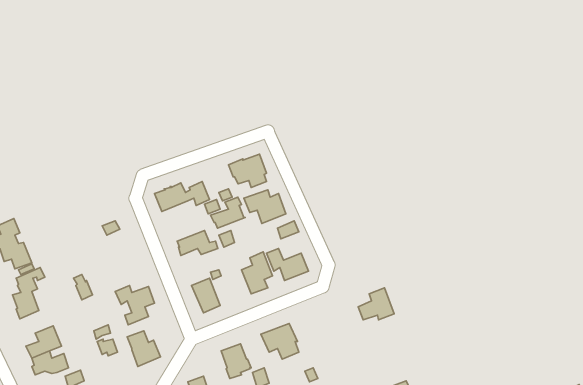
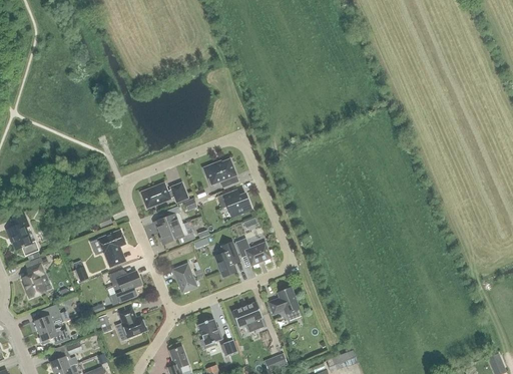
building: [210,197,245,228] -> [154,207,183,233]
building: none -> [97,230,125,267]
building: [358,288,394,320] -> [269,287,299,314]

